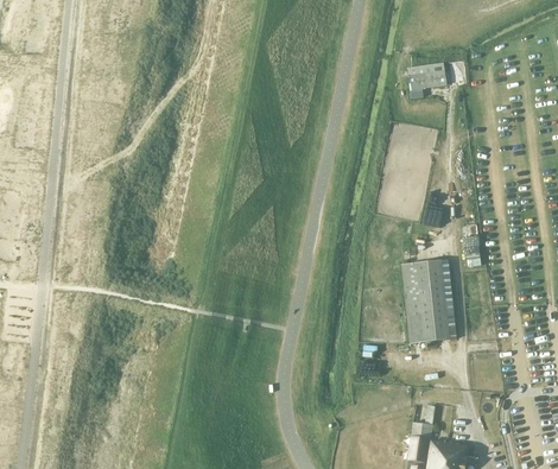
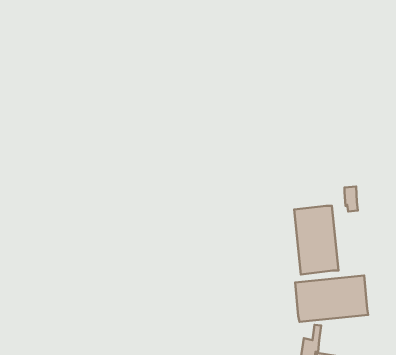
building: [408,62,448,90] -> none
building: none -> [295,275,368,322]

